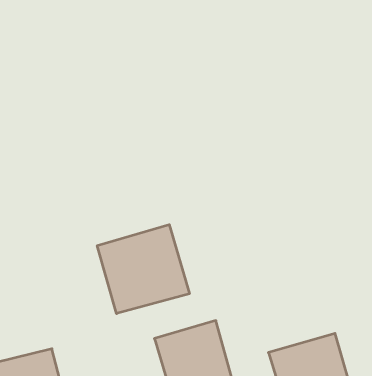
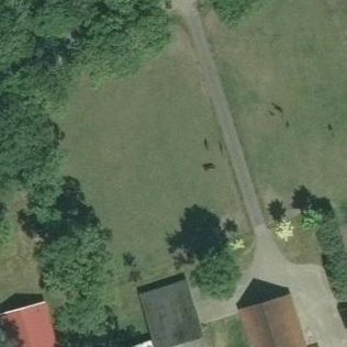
building: [97,225,189,314] -> none

